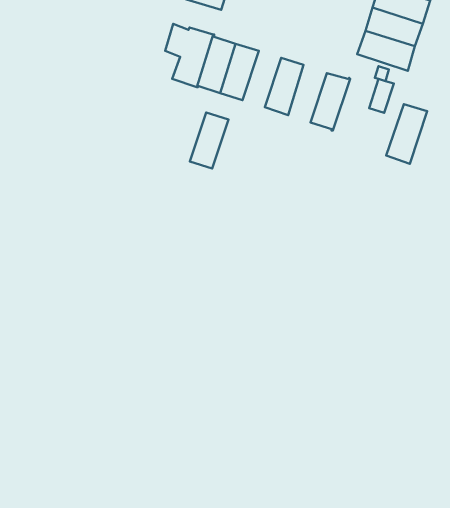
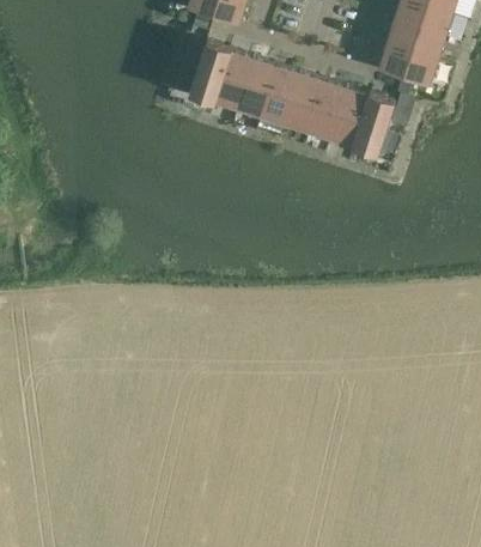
building: none -> [308,80,347,139]
building: [386,104,427,164] -> [353,95,395,156]
building: [190,112,229,169] -> [261,66,300,123]

